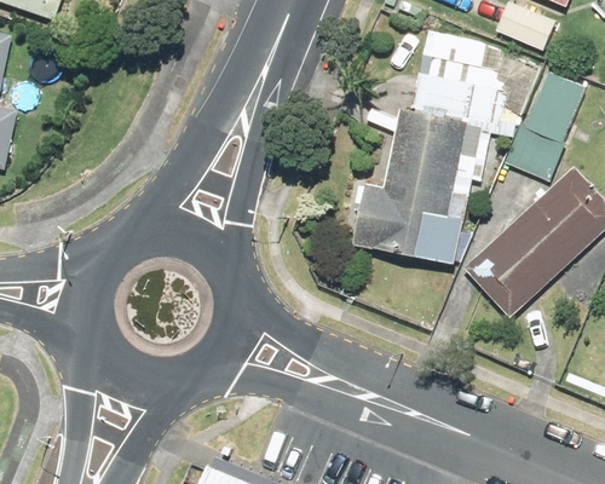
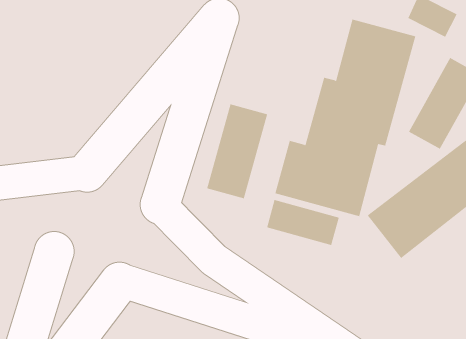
building: none -> [207,103,268,199]
building: none -> [266,199,339,246]

